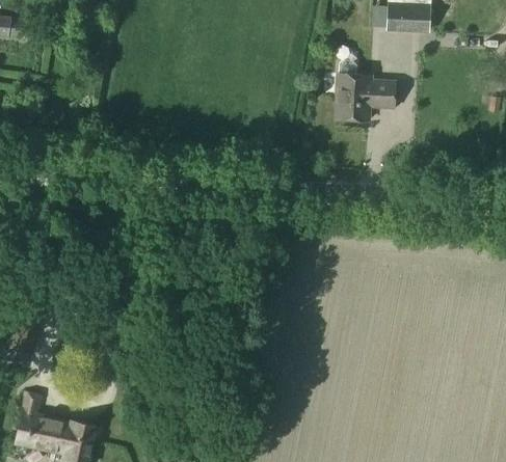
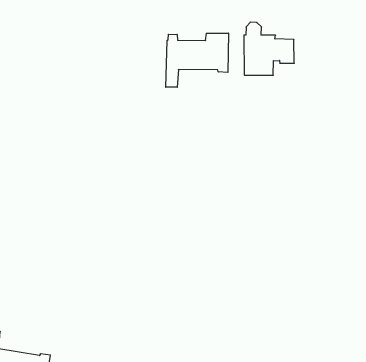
building: none -> [166,33,228,87]

